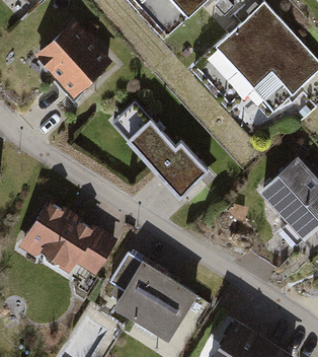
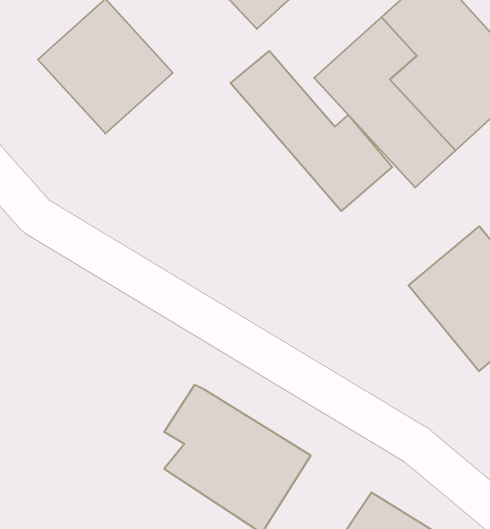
building: [110,101,208,198] -> [230,51,392,211]
building: [21,198,118,283] -> none

